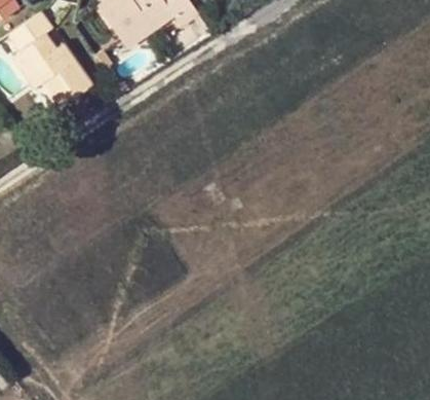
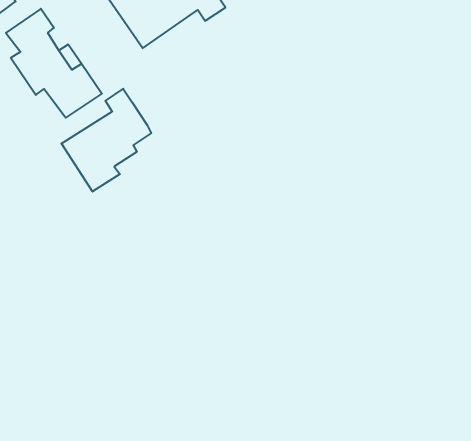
building: none -> [61,89,151,192]

